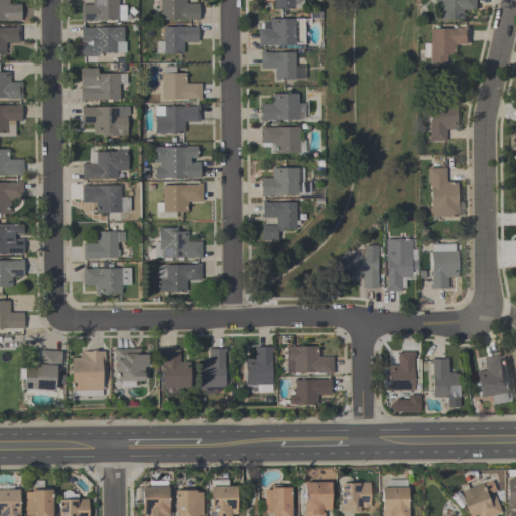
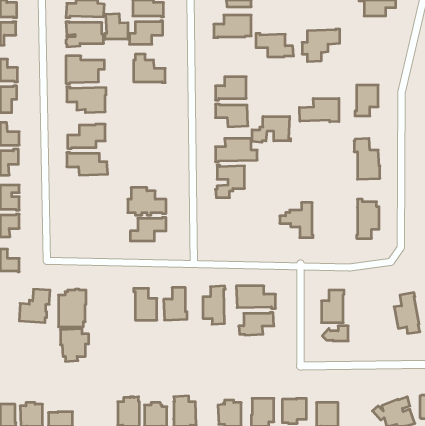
building: none -> [105,14,128,39]
building: [426,26,472,66] -> [302,29,340,62]
building: [262,50,307,79] -> [256,33,294,57]
building: [156,105,201,133] -> none
building: none -> [299,98,339,122]
building: none -> [252,116,291,142]
building: [156,147,202,178] -> none
building: [158,183,204,212] -> none
building: [85,230,126,259] -> none
building: [387,238,419,291] -> none
building: [84,267,132,296] -> none
building: [116,348,150,387] -> [60,329,89,361]
building: [432,358,461,406] -> none

